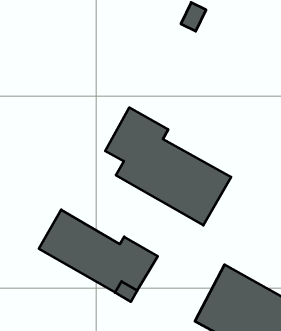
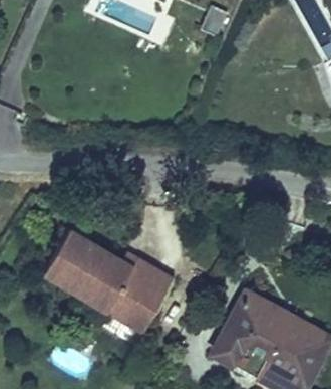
building: [105,108,231,225] -> none

